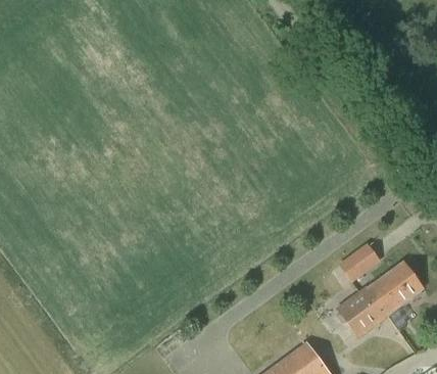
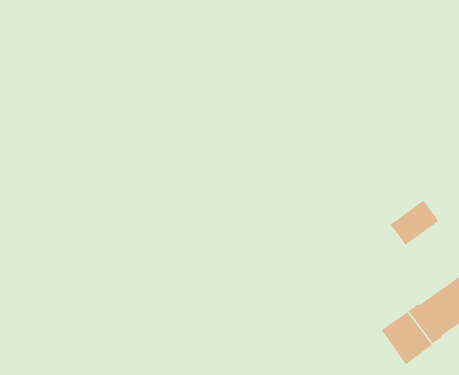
building: [338,241,381,281] -> [390,200,439,245]

